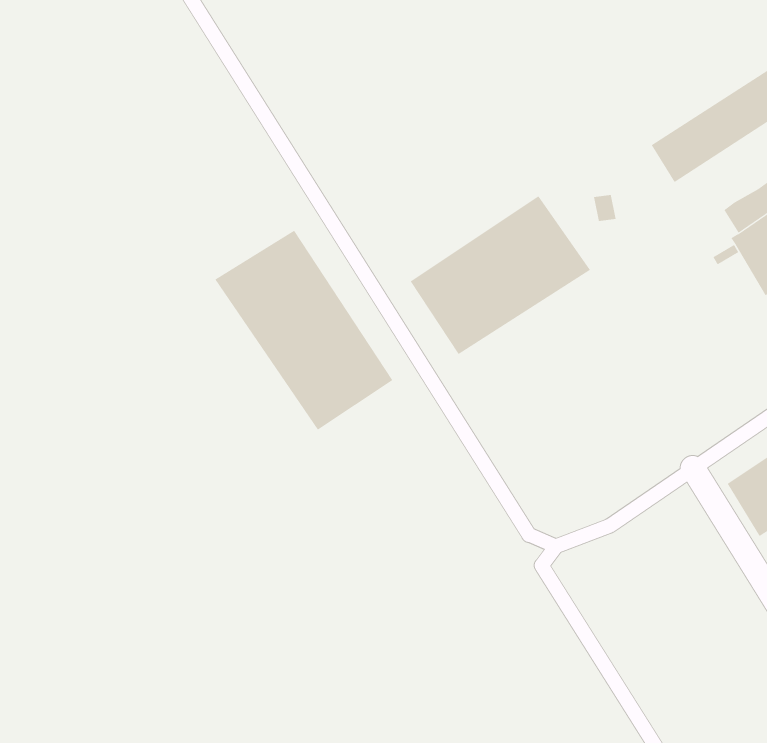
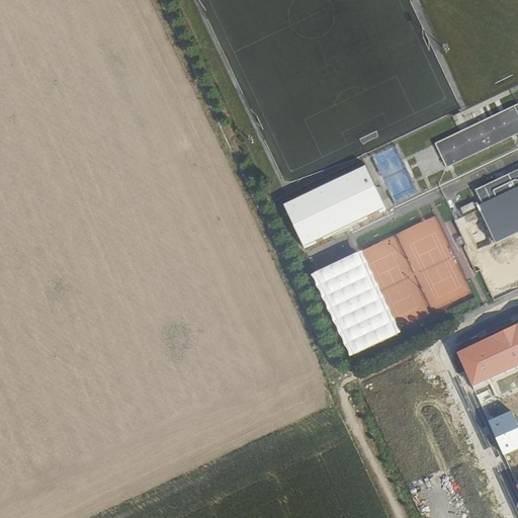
building: [215,230,393,431] -> none
building: none -> [311,249,399,355]

